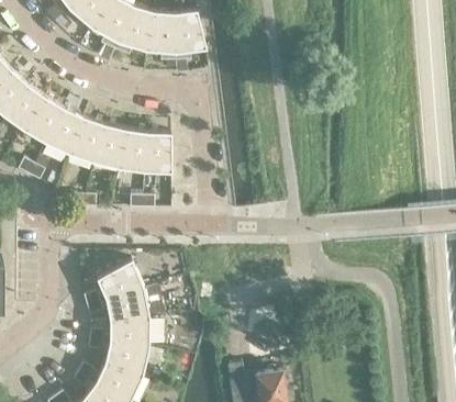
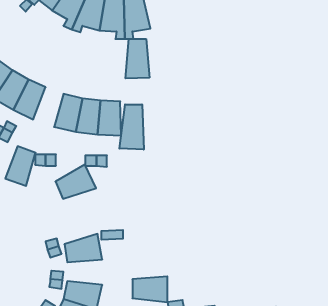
building: none -> [126,39,149,78]
building: [69,118,104,164] -> [5,146,36,186]
building: none -> [119,104,144,150]
building: [97,260,144,300] -> [55,165,96,199]
building: [109,317,149,347] -> [132,276,167,302]

